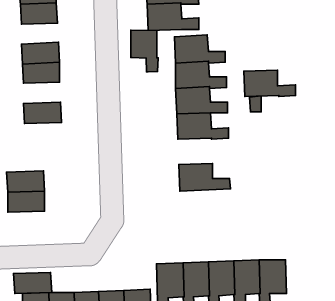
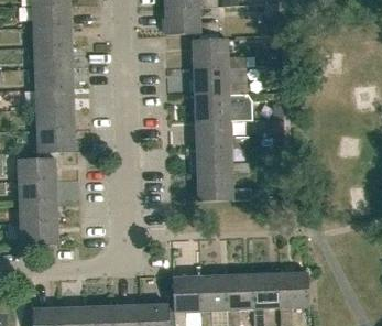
building: none -> [33,25,72,47]
building: [131,30,158,72] -> none
building: [244,70,296,96] -> [196,145,250,173]
building: none -> [35,87,74,109]
building: none -> [36,129,75,152]
building: none -> [17,157,56,181]
building: [14,272,52,293] -> [19,221,58,243]

